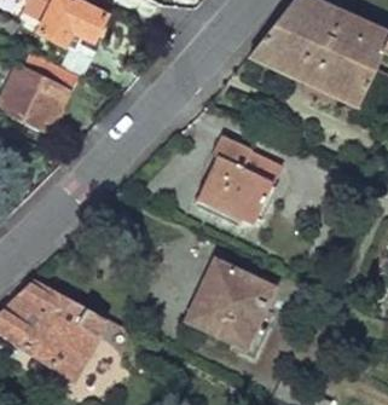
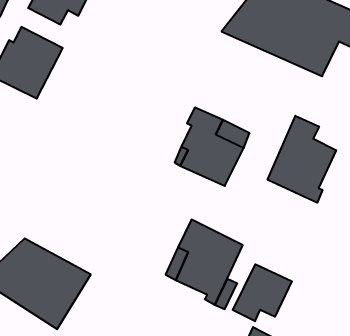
building: none -> [268,116,336,203]
building: none -> [233,264,292,321]

